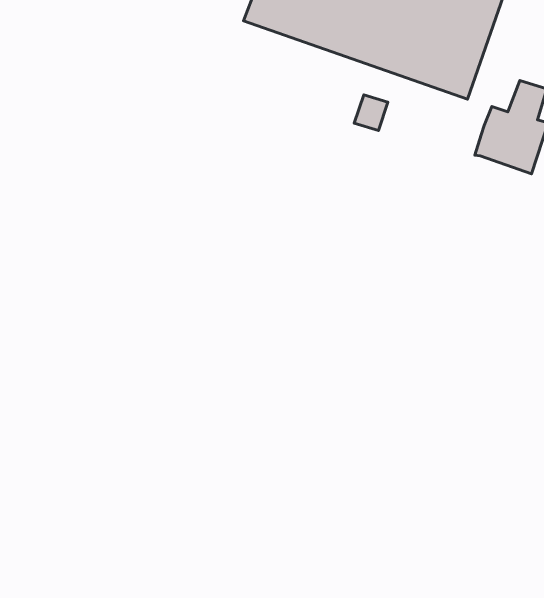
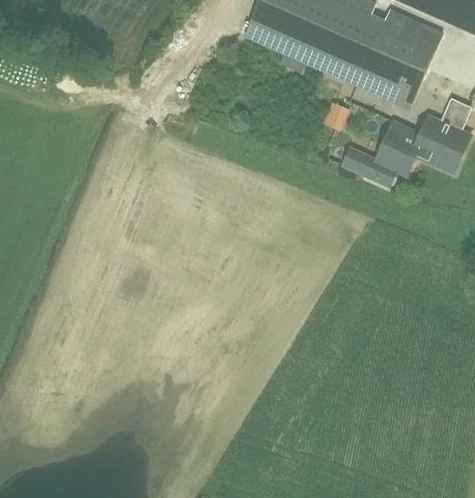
building: none -> [342,119,420,188]

